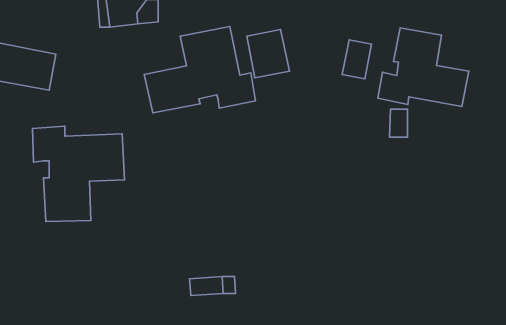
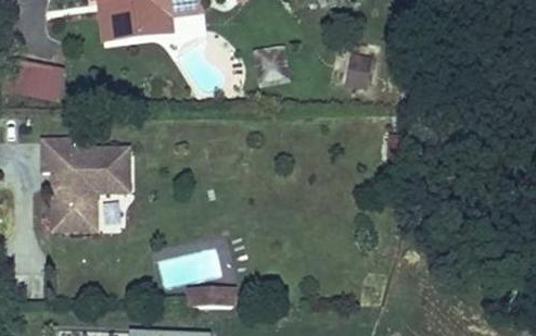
building: [144,26,255,113] -> none
building: [378,28,469,107] -> none

